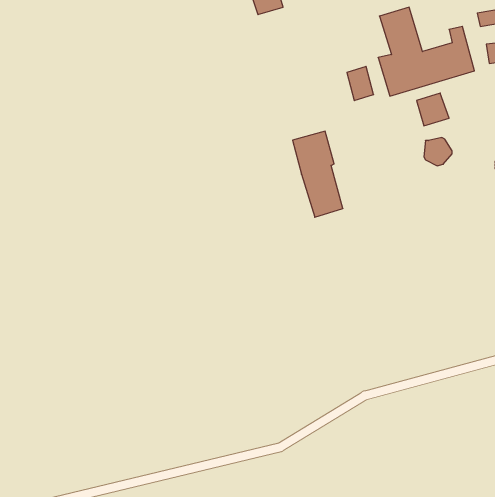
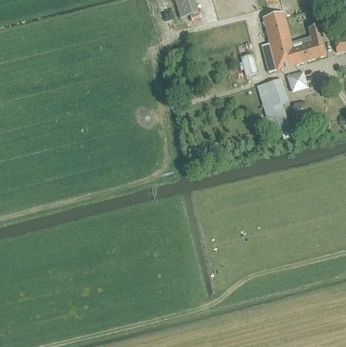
building: [293,131,343,217] -> [257,78,291,136]

